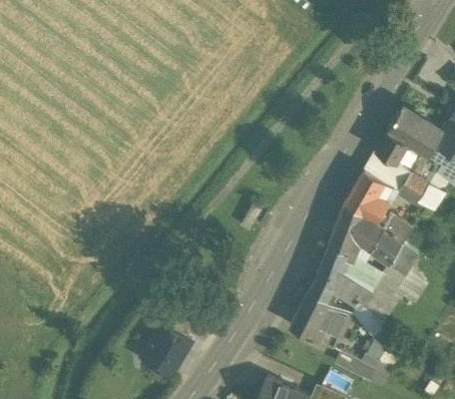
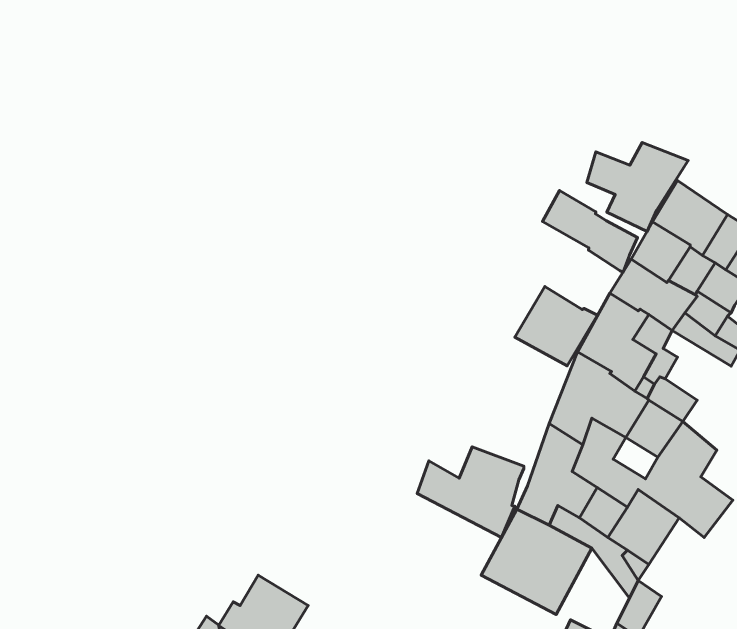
building: none -> [587,142,688,231]
building: none -> [543,190,638,272]
building: none -> [515,287,598,366]
building: none -> [417,447,524,537]

